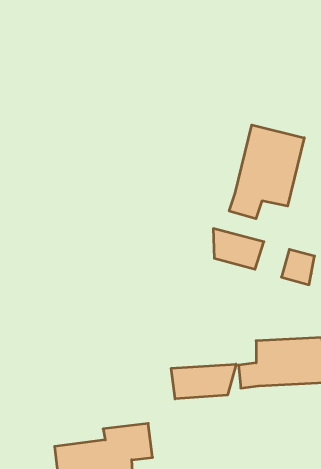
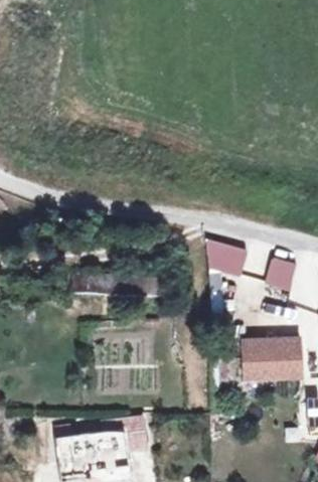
building: [229,125,304,219] -> none
building: [171,364,236,399] -> none

